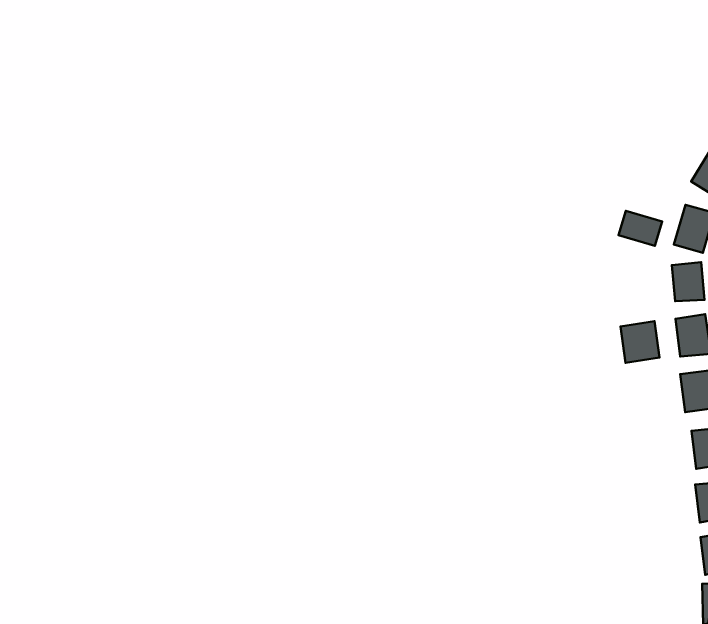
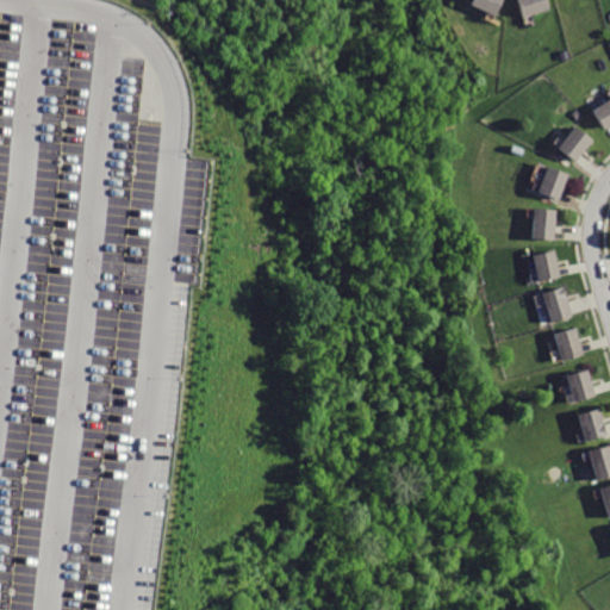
building: [618,211,662,246] -> none
building: [620,321,660,363] -> none

